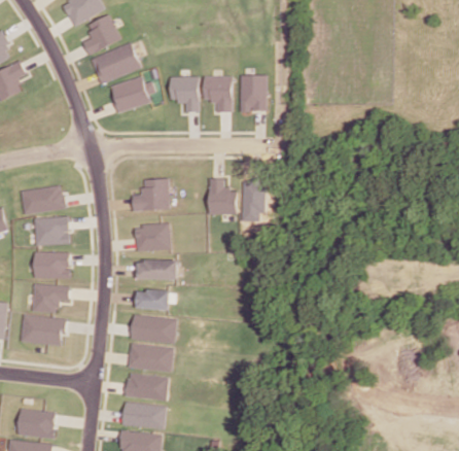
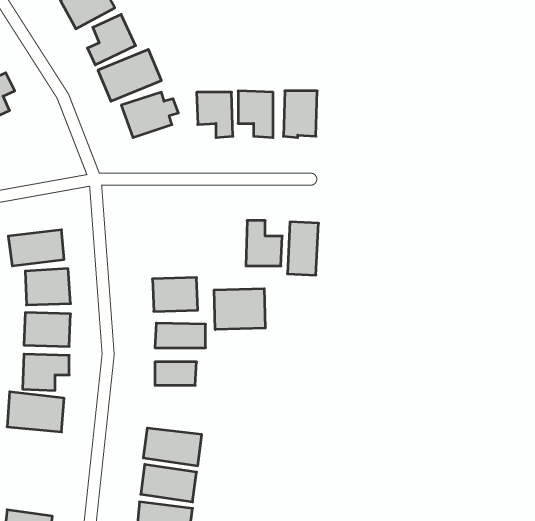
building: [133,178,170,210] -> none
building: none -> [214,289,265,330]
building: [131,314,177,344] -> none

